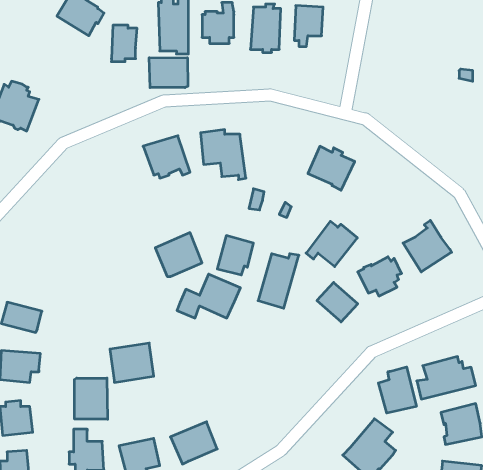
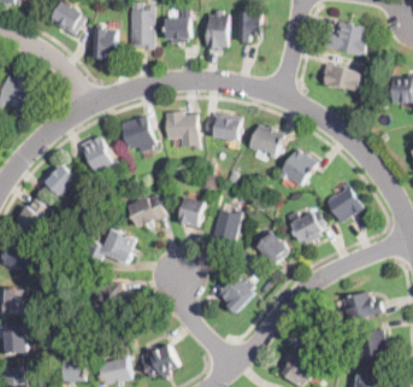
building: none -> [324,23,368,55]
building: [149,58,188,88] -> none
building: none -> [323,63,367,89]
building: none -> [210,112,241,141]
building: none -> [78,134,119,181]
building: none -> [39,162,77,200]
building: [306,221,357,267] -> [277,149,318,186]
building: none -> [14,203,51,238]
building: [177,274,240,318] -> [84,228,135,263]
building: none -> [218,275,254,311]
building: [378,367,416,413] -> none
building: [74,378,108,419] -> none

